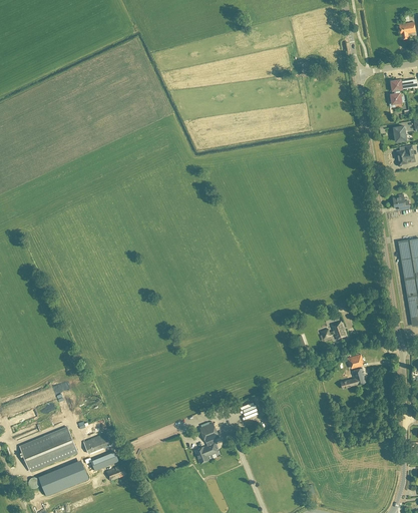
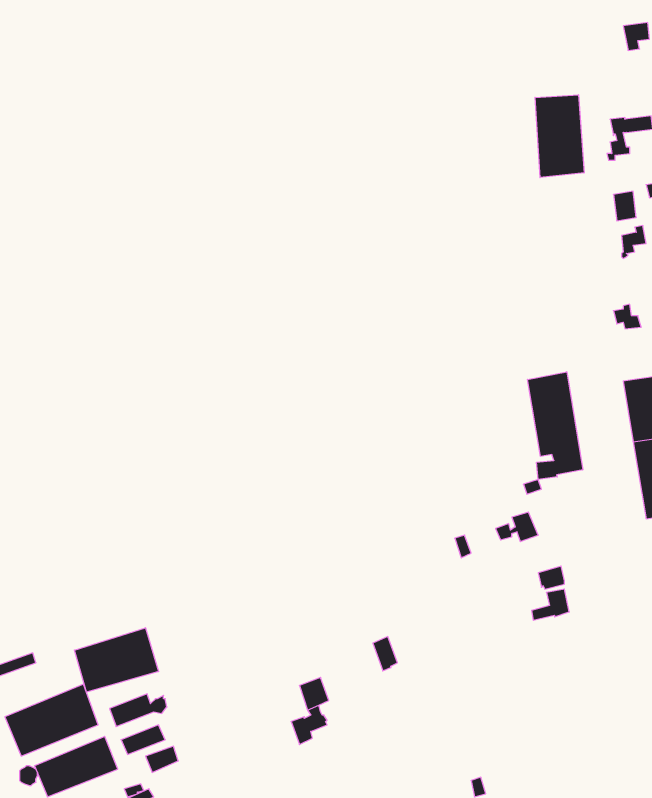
building: none -> [535,95,584,178]
building: none -> [528,372,583,479]
building: none -> [74,628,159,692]

